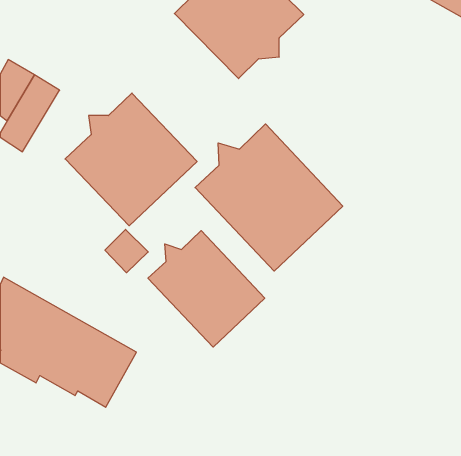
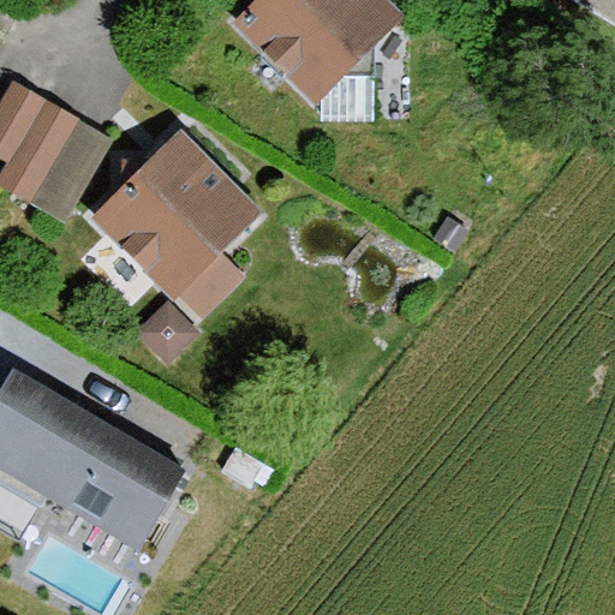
building: [195,124,343,271] -> none
building: [148,231,265,347] -> none

